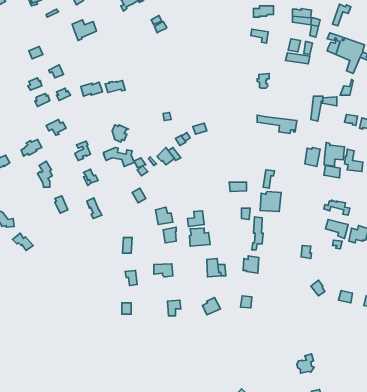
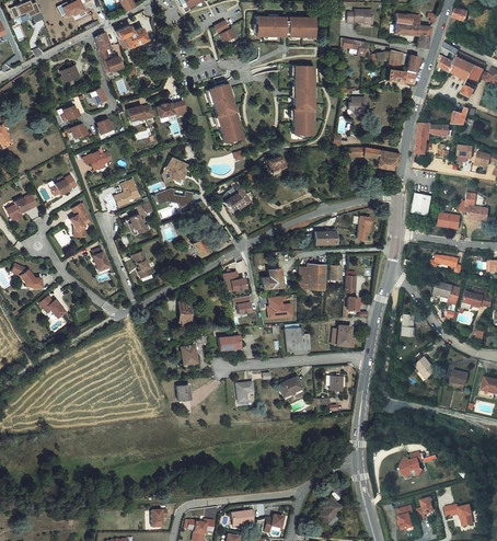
building: none -> [256,18,314,37]
building: none -> [95,35,123,74]
building: none -> [293,67,314,135]
building: none -> [210,85,243,143]
building: [324,142,344,166] -> none
building: [260,192,281,211] -> [299,264,325,289]

